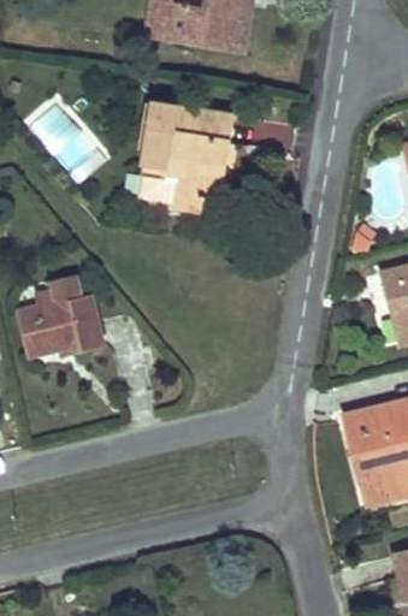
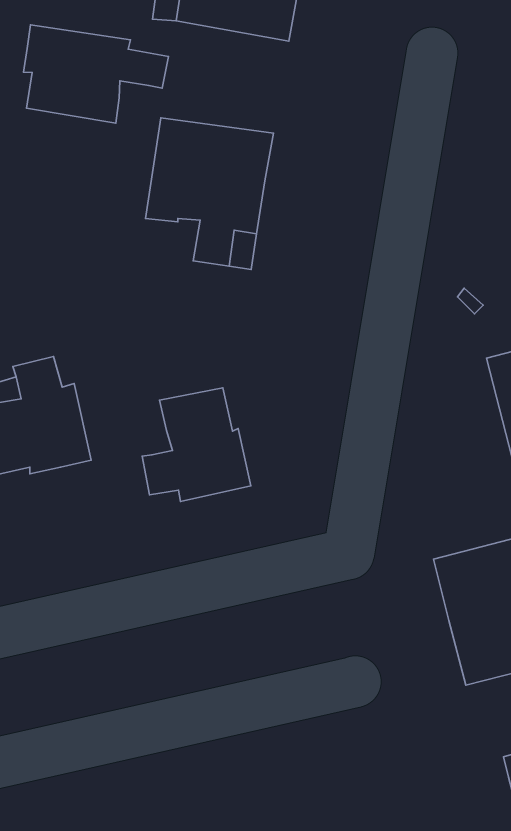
building: none -> [23,25,169,123]
building: none -> [142,388,251,502]

